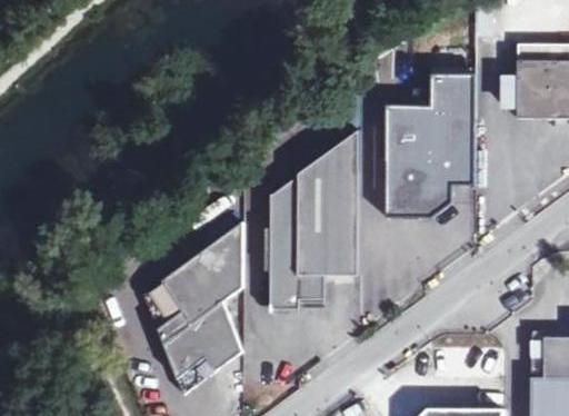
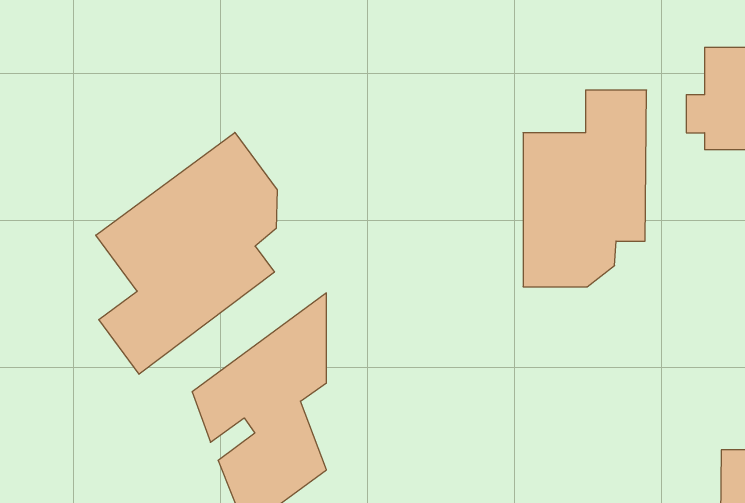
building: none -> [96,132,277,374]
building: [270,130,359,308] -> none

